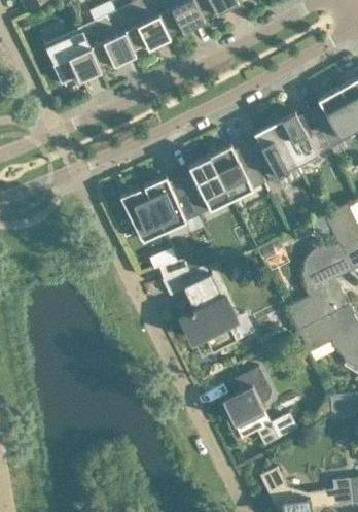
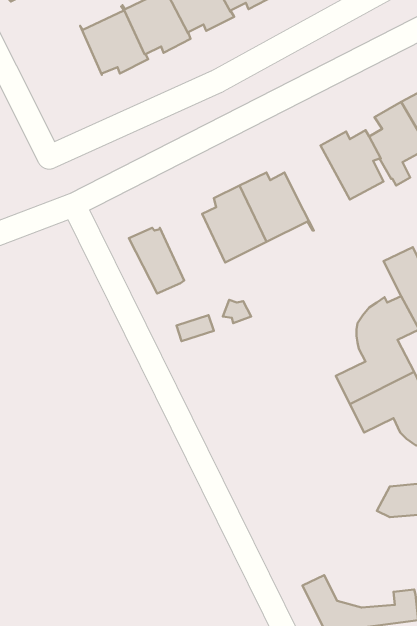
building: [43,28,101,88] -> none
building: [245,124,302,190] -> none
building: [143,177,198,232] -> none
building: [180,274,237,354] -> none
building: [222,368,278,447] -> none

